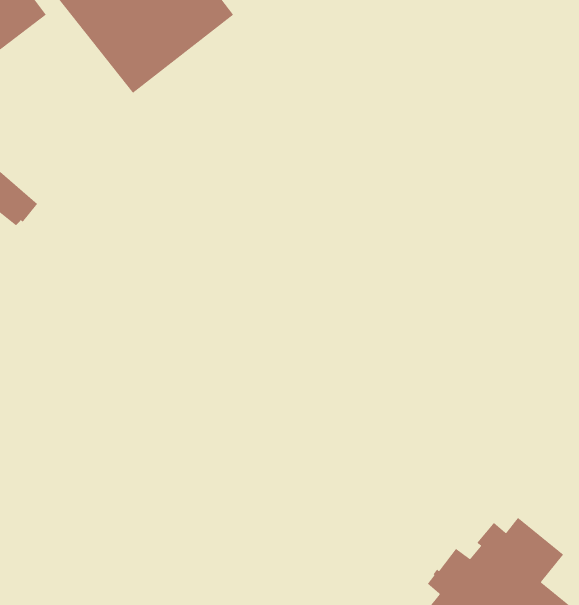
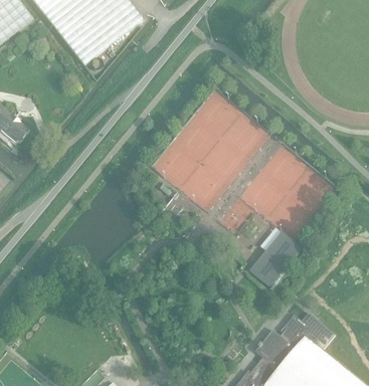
building: none -> [249,230,300,284]

